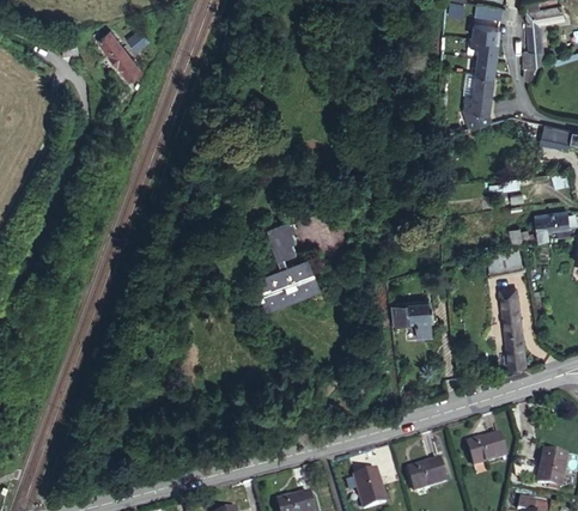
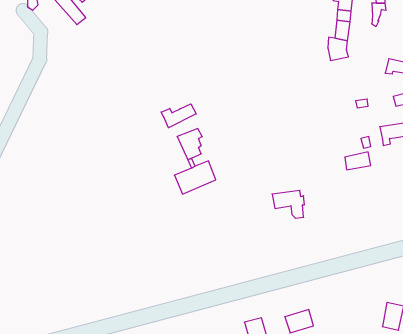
building: none -> [161,104,196,128]
building: [499,290,525,367] -> none
building: [467,434,505,466] -> none

